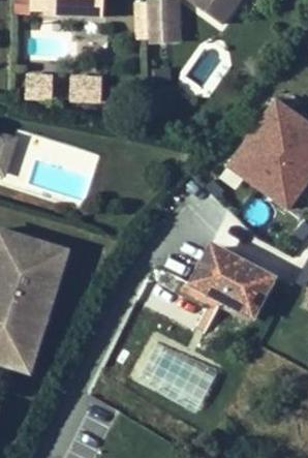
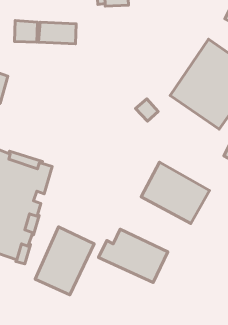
building: none -> [35,227,94,295]

